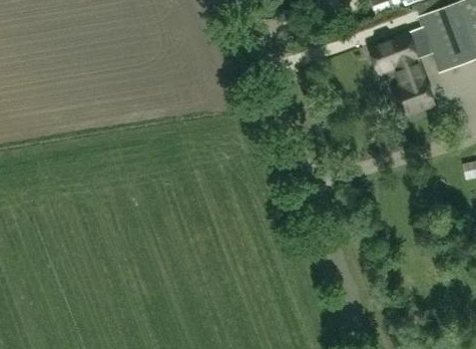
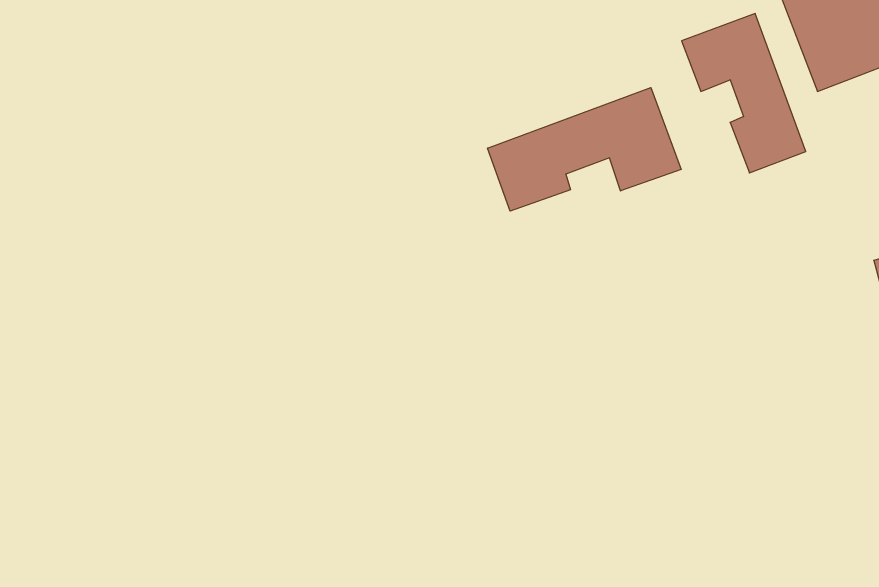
building: none -> [488,88,681,211]

